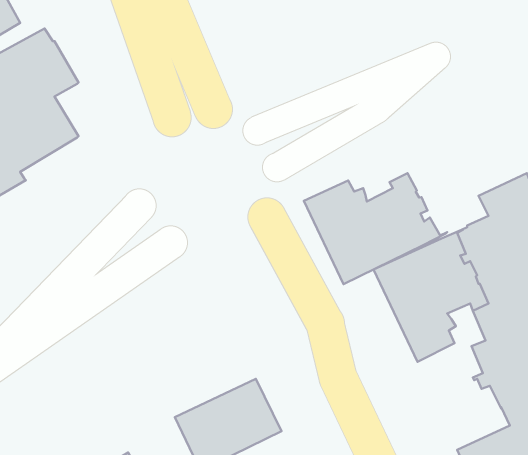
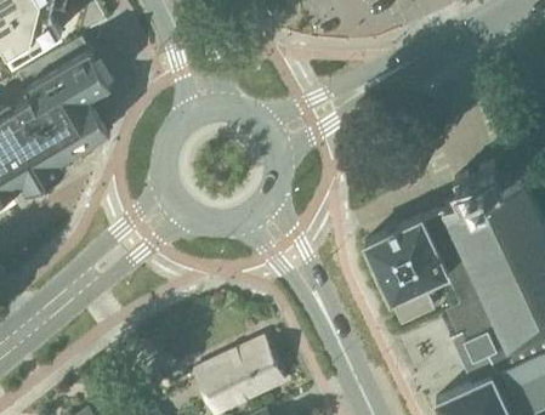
building: [304,173,447,284] -> none

